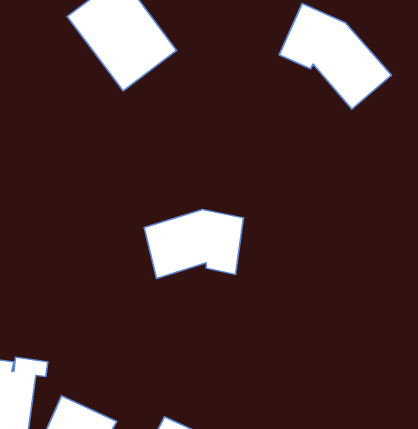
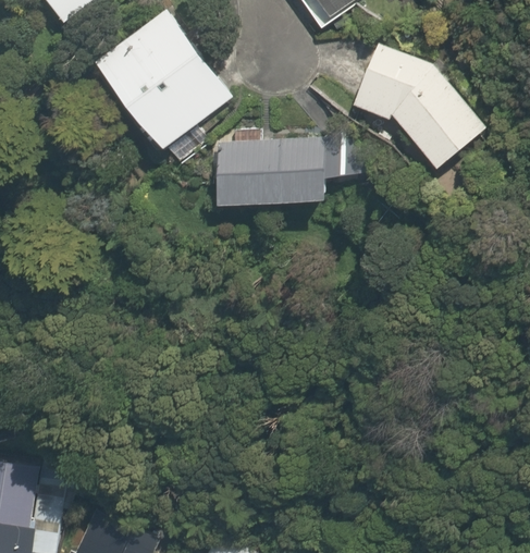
building: none -> [215,127,372,204]
building: [144,210,243,279] -> none

